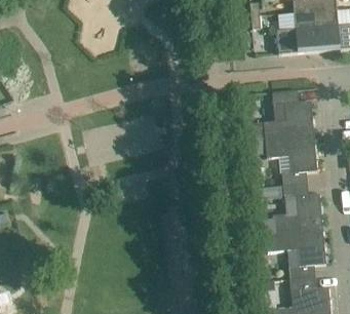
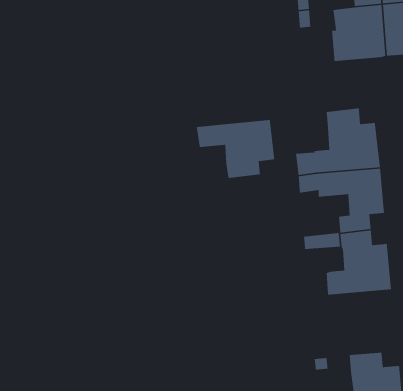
building: none -> [196,119,275,179]
building: [266,228,326,277] -> none

